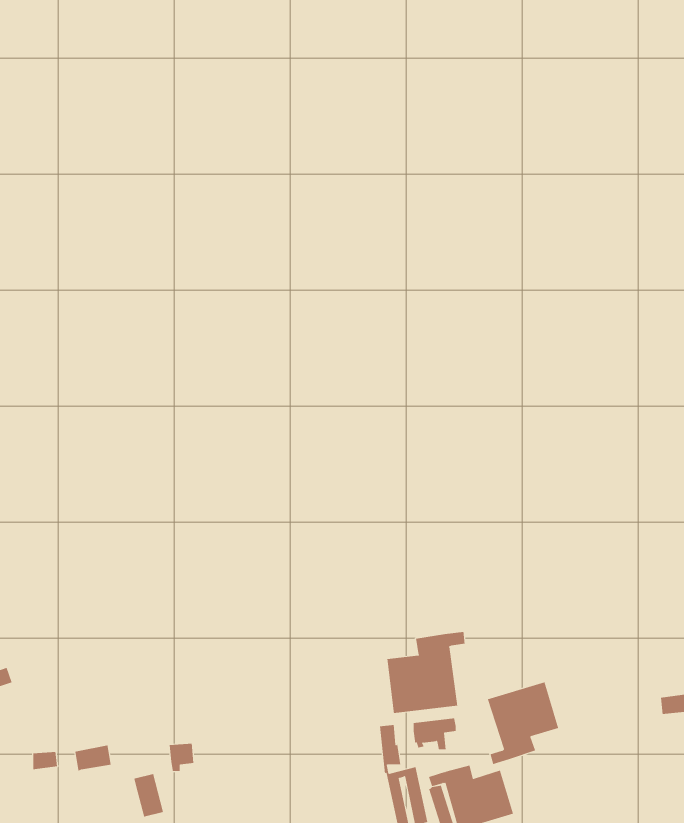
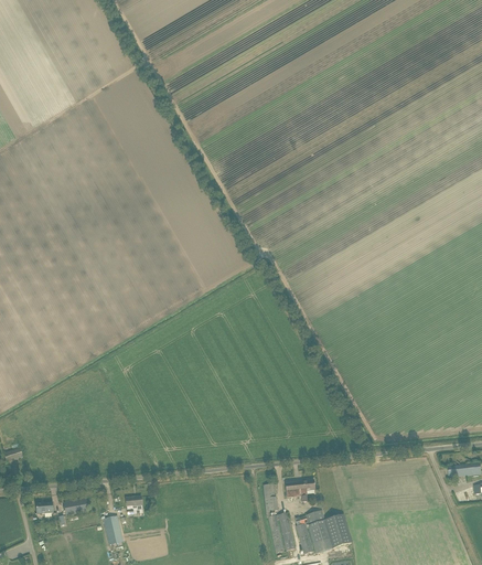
building: [387,631,465,714] -> none
building: [487,682,559,765] -> none

